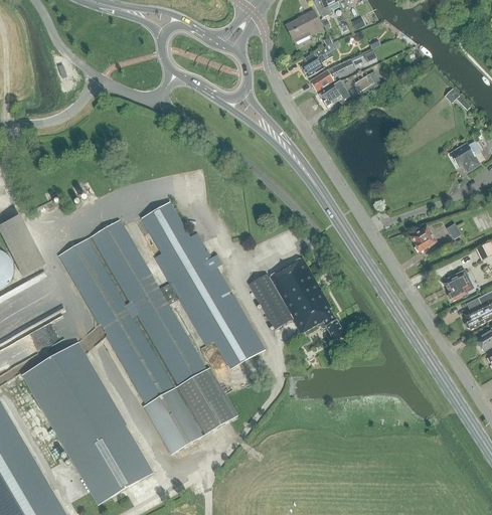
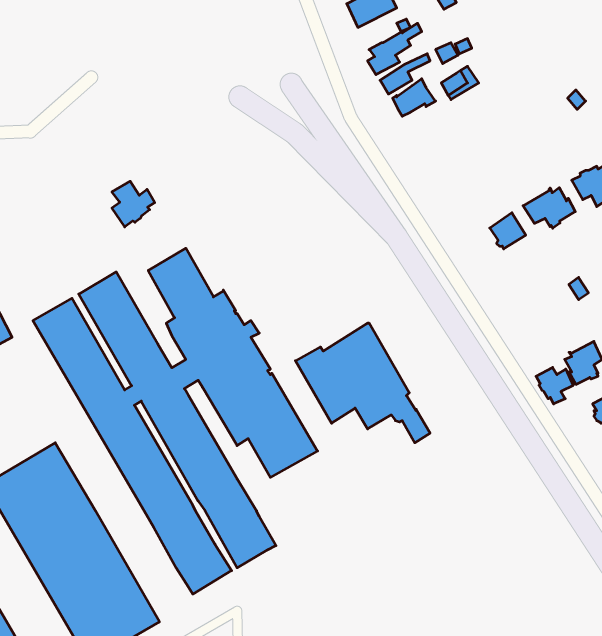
building: none -> [112,181,155,227]
building: none -> [523,188,575,228]
building: [409,225,436,251] -> [490,213,526,249]
building: none -> [536,367,573,404]

